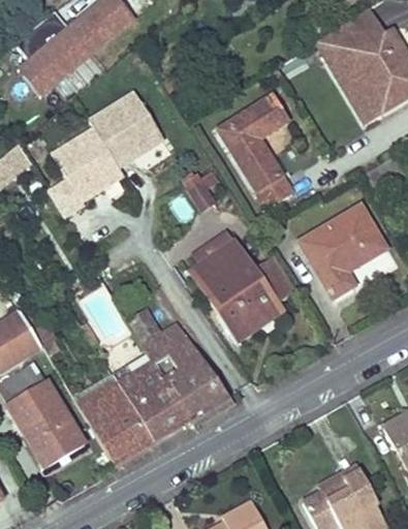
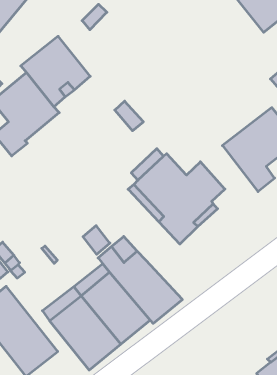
building: [218,96,290,207] -> none

